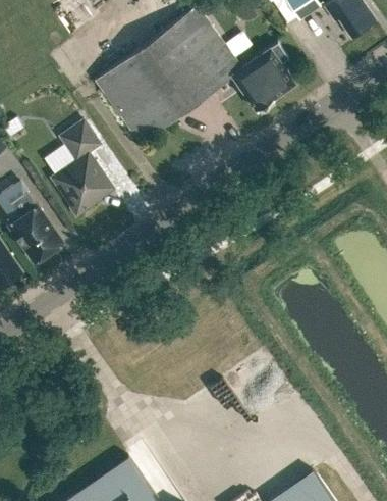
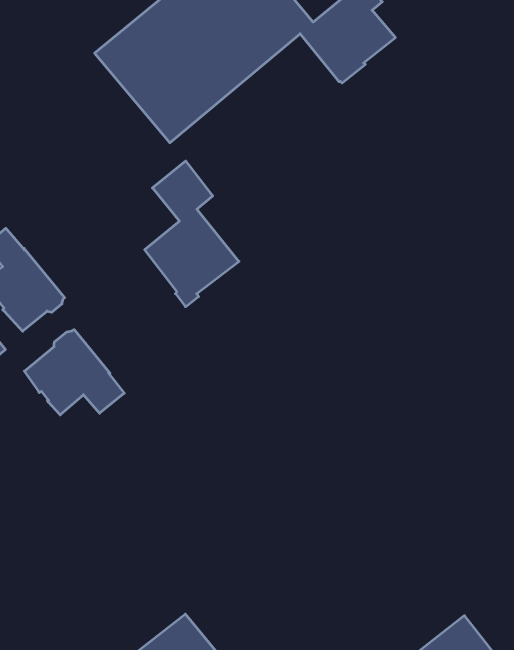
building: [52,120,114,217] -> [145,161,239,307]
building: none -> [24,330,124,415]

